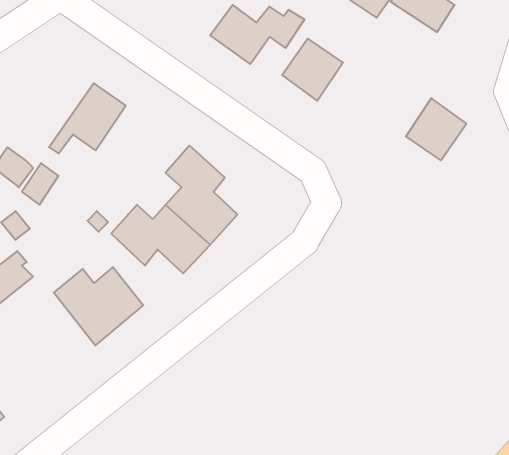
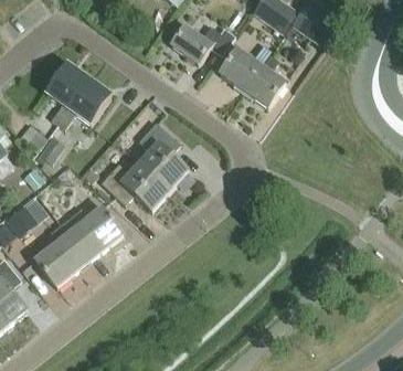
building: none -> [45,63,89,124]
building: [406,98,466,160] -> [244,65,286,108]
building: none -> [35,224,91,287]

